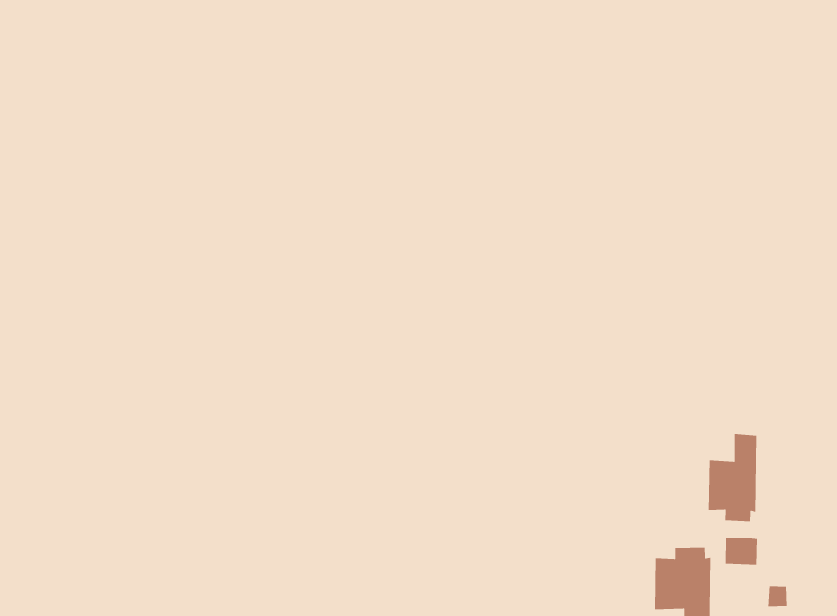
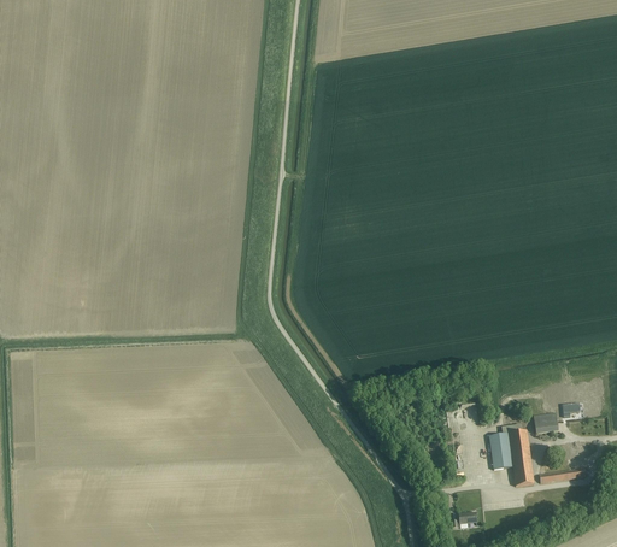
building: [708,433,757,522] -> none

